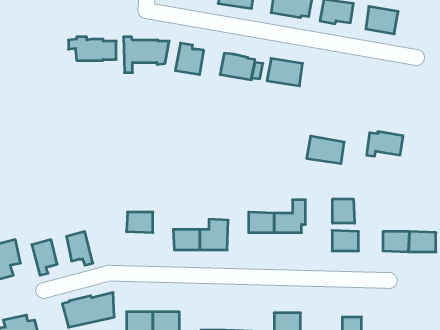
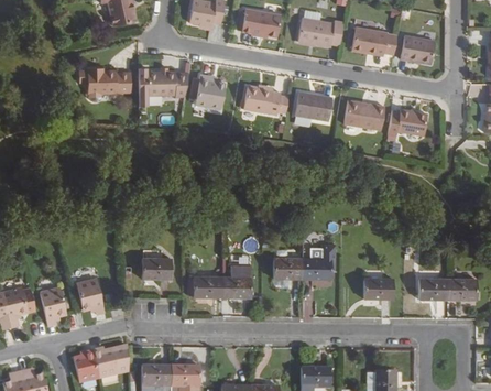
building: [367,132,403,156] -> [386,110,426,137]
building: [307,136,344,164] -> [342,100,383,130]
building: [333,199,355,223] -> none

